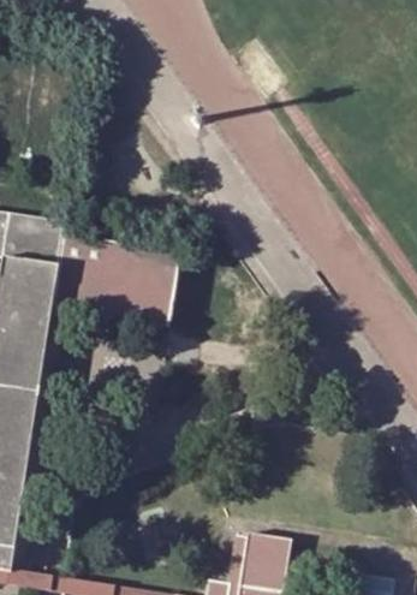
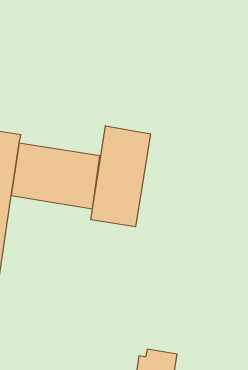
building: none -> [91,126,151,227]

